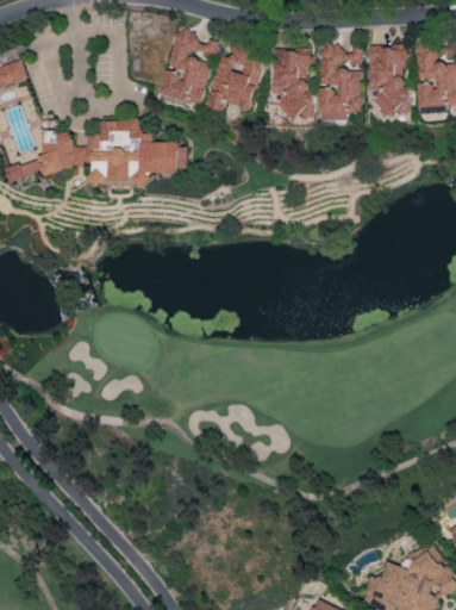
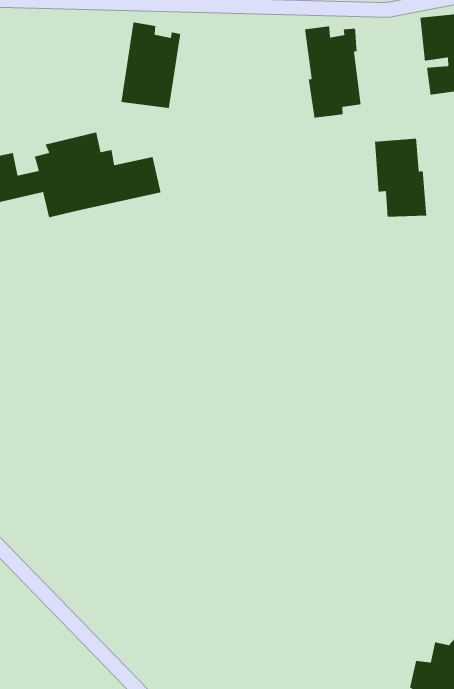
building: [368,46,407,112] -> [374,138,427,218]
building: [206,48,263,113] -> none
building: [271,49,311,116] -> none

